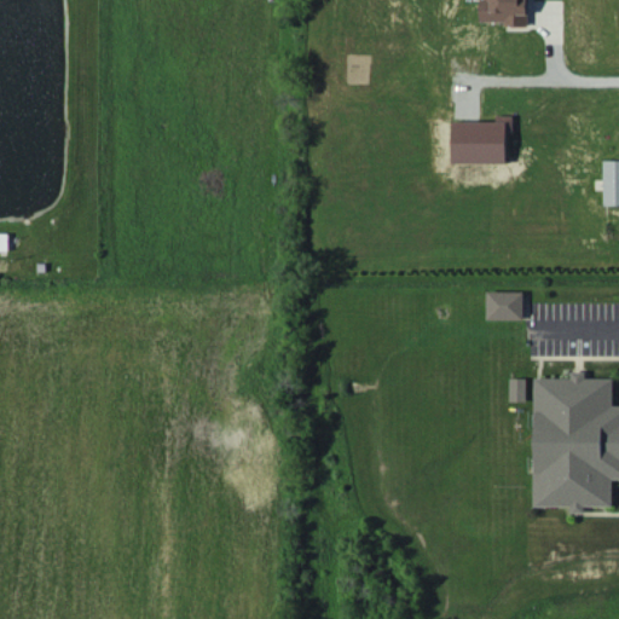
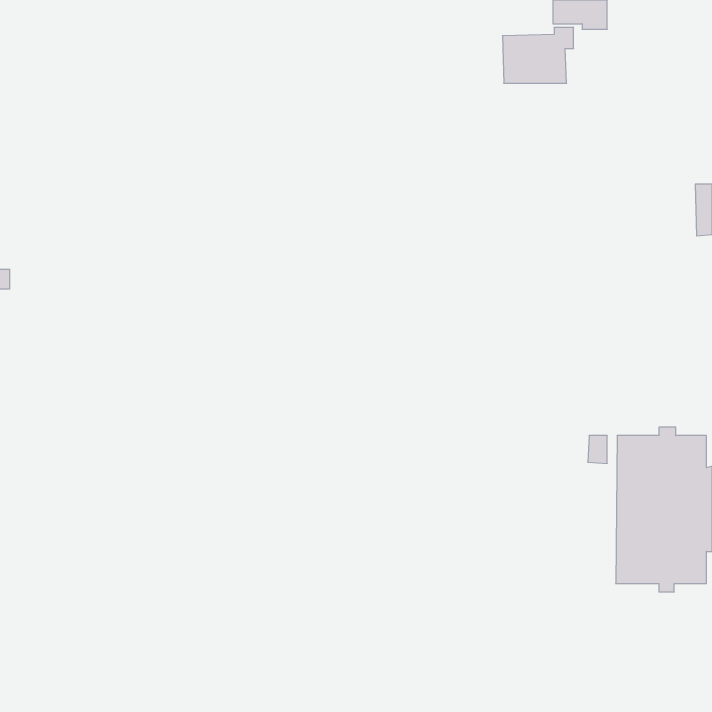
building: [451,116,513,164] -> [502,27,574,83]
building: [486,291,523,320] -> none

